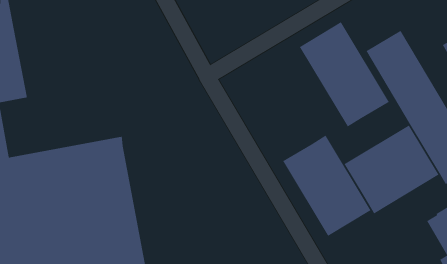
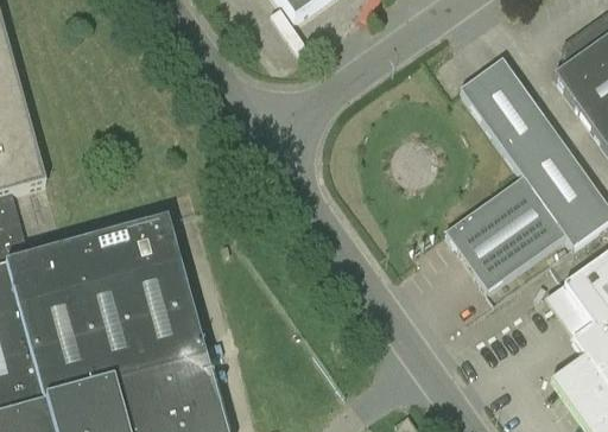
building: [299,21,390,128] -> none
building: [282,135,371,237] -> none

